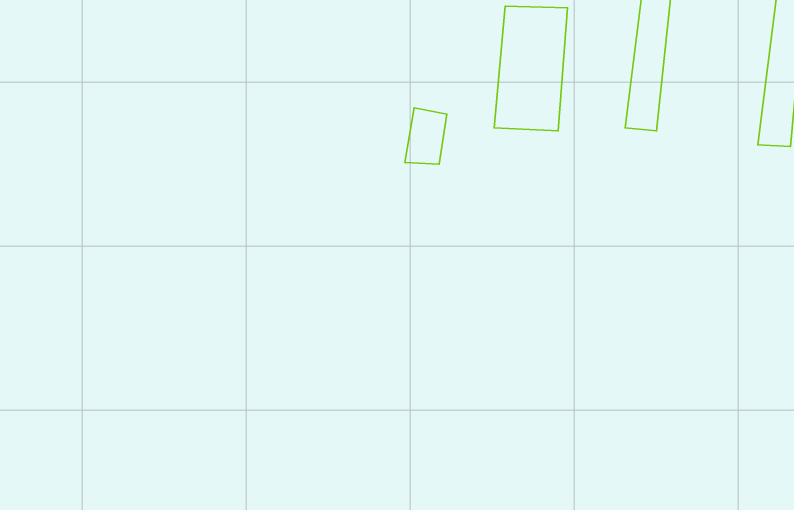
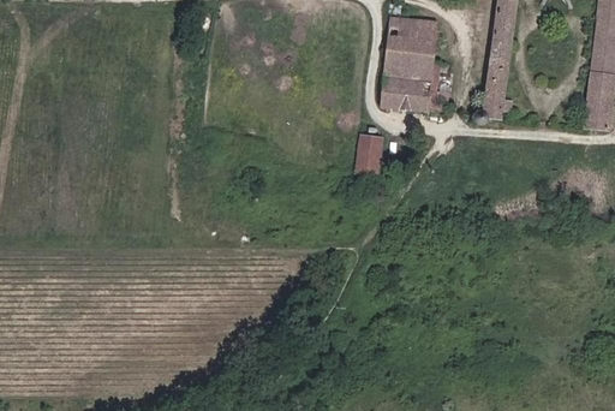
building: [405,108,447,164] -> [353,131,386,174]

